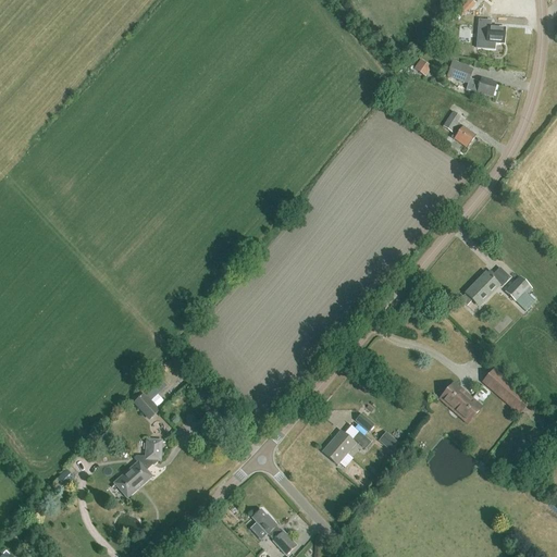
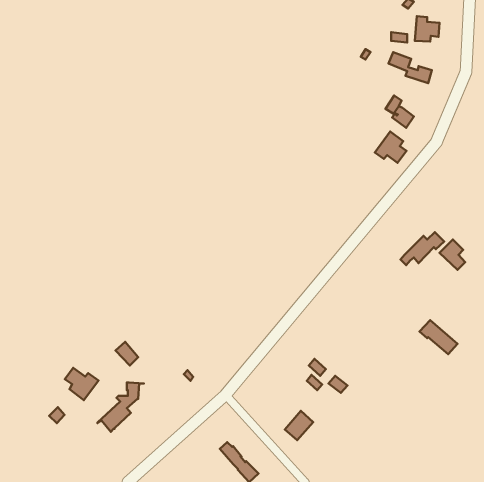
building: none -> [375,131,407,163]
building: [438,382,481,422] -> none
building: none -> [65,368,98,400]
building: [322,430,355,463] -> [285,411,313,440]

